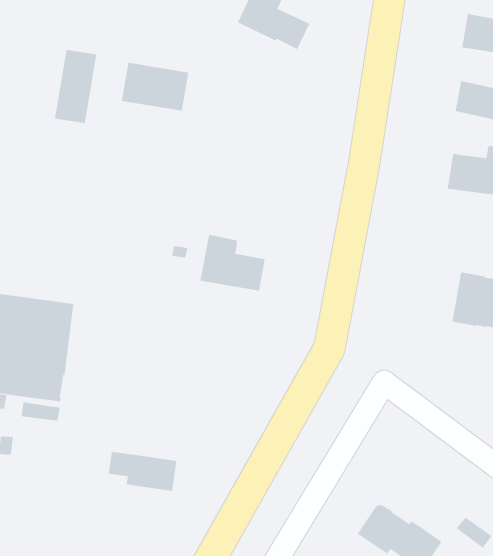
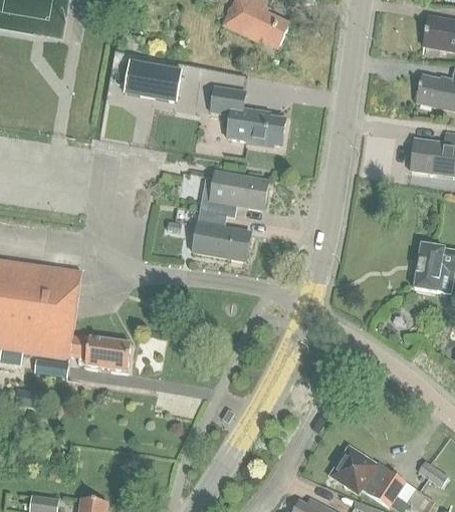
building: [54,49,97,124] -> none
building: none -> [210,85,285,147]
building: none -> [200,171,268,217]
building: [108,452,177,491] -> [69,334,131,369]

